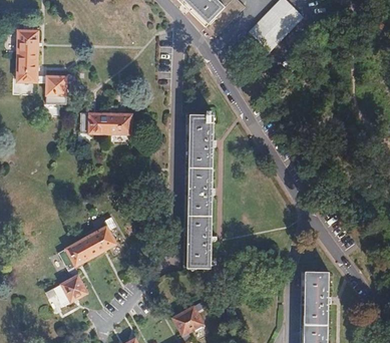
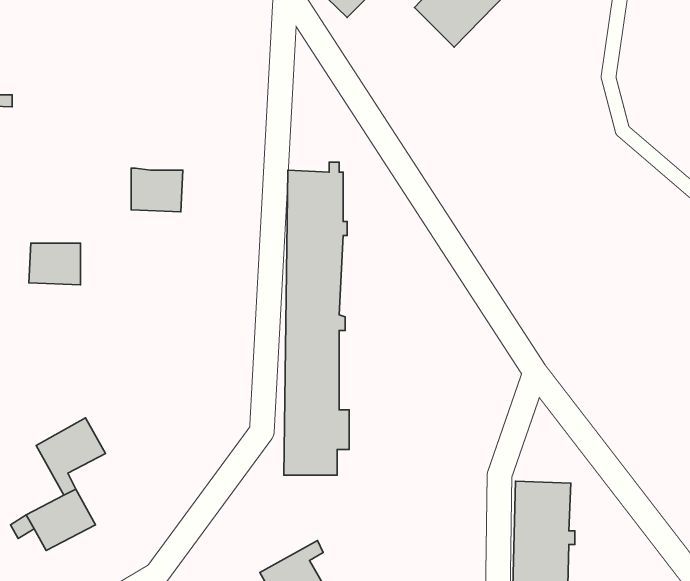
building: [46,71,77,103] -> none
building: [80,112,106,133] -> [29,243,80,285]
building: [83,226,117,257] -> none

